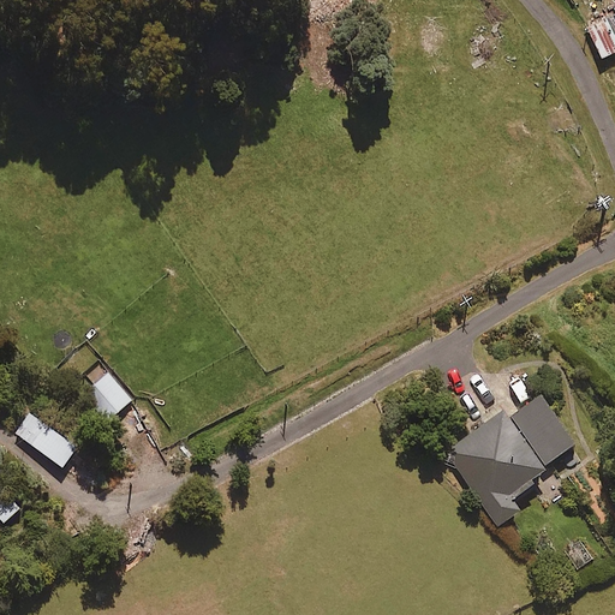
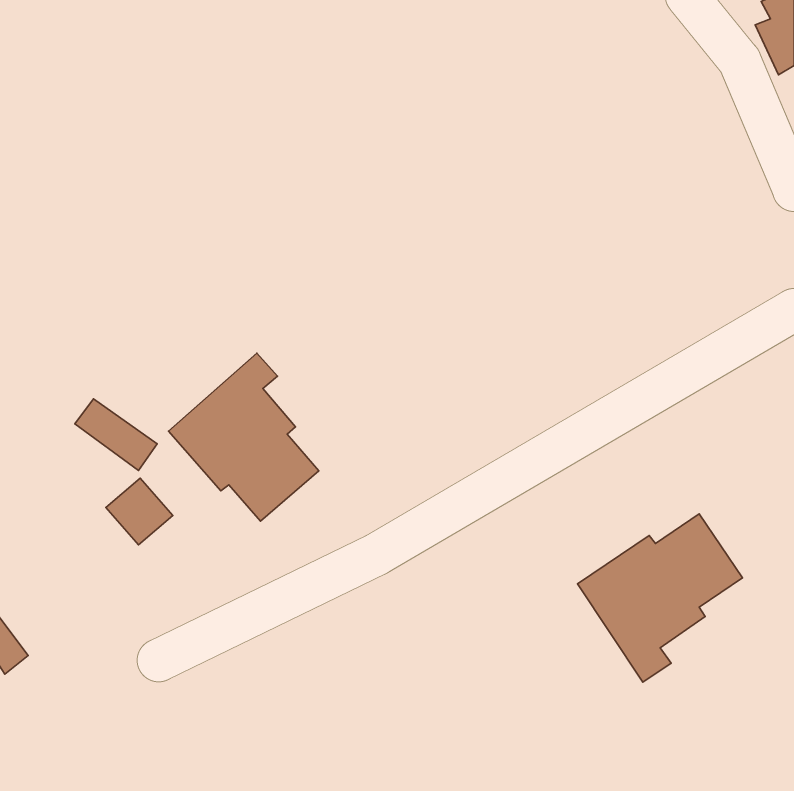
building: none -> [169,353,319,521]
building: [16,411,79,466] -> [75,399,157,470]

